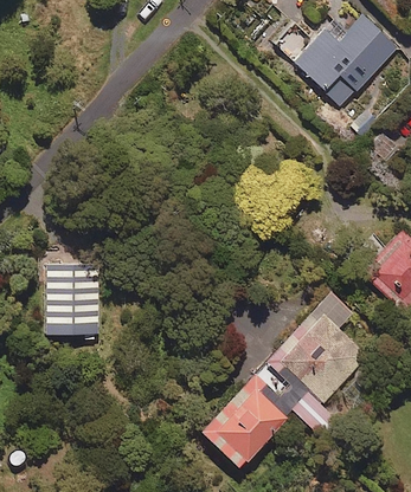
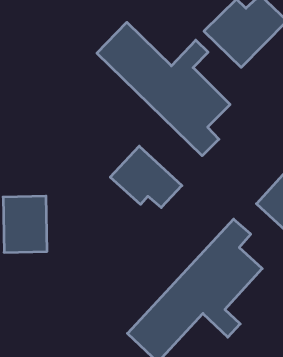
building: none -> [97,22,230,156]
building: none -> [110,146,182,208]

